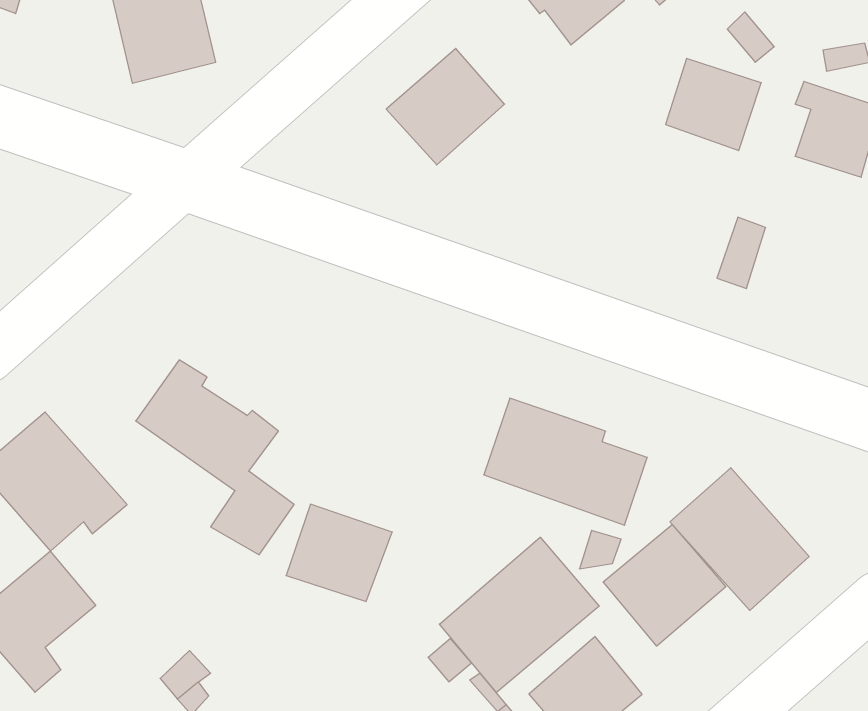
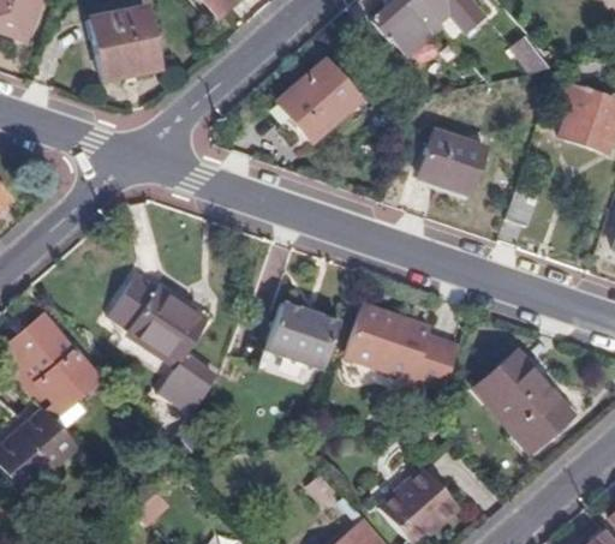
building: [666,58,761,151] -> [420,131,486,195]
building: [286,504,392,602] -> [267,301,340,369]
building: [603,524,726,646] -> none
building: [439,537,599,693] -> none

